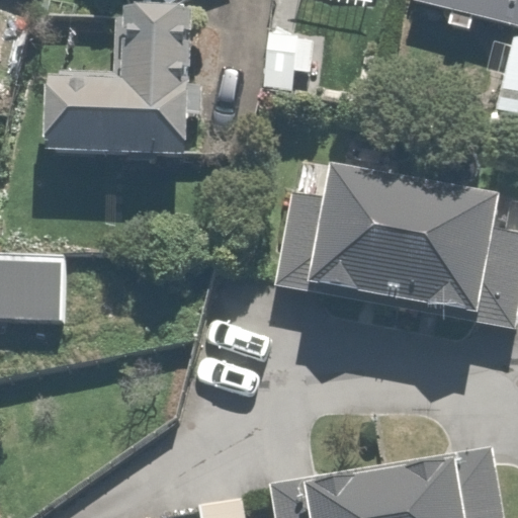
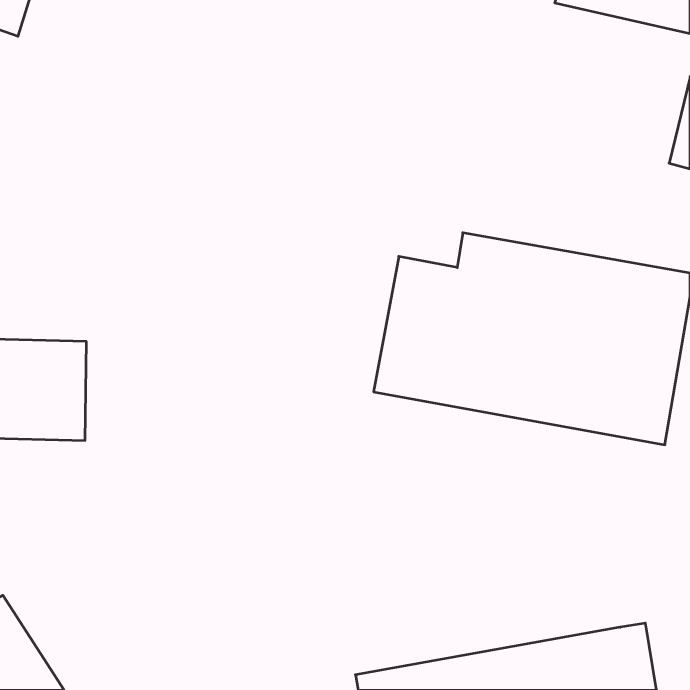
building: [48,17,196,158] -> none

